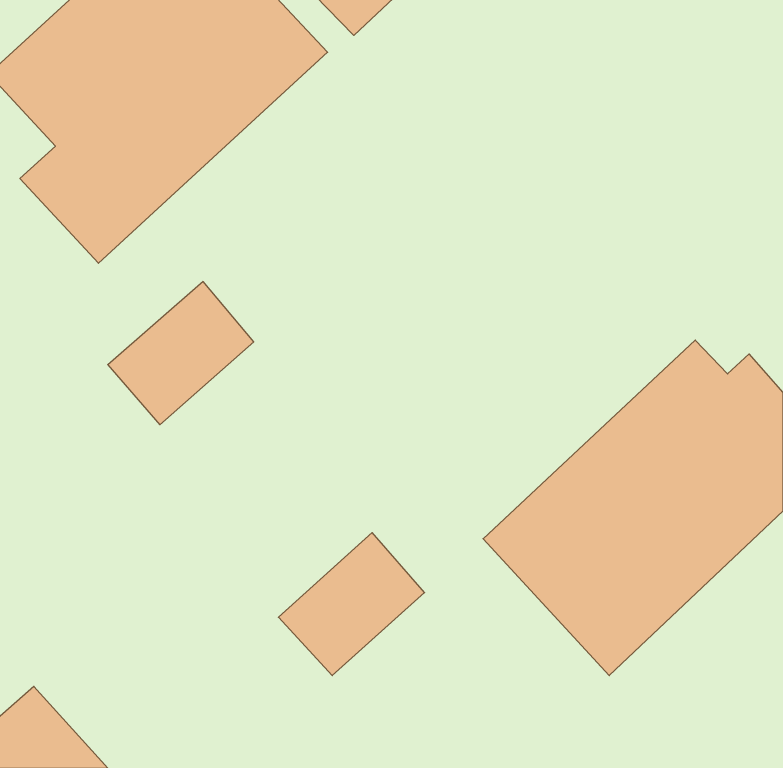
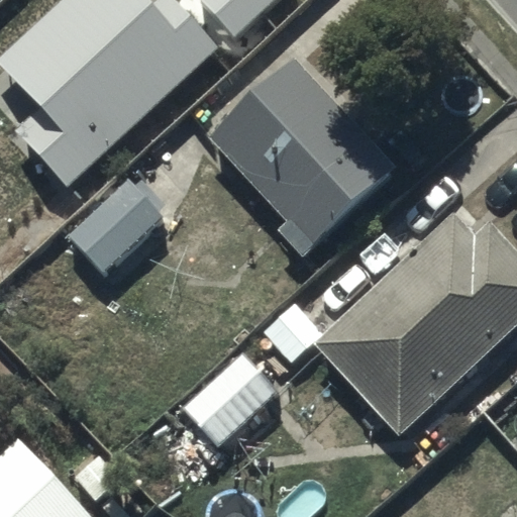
building: none -> [212,57,394,239]

